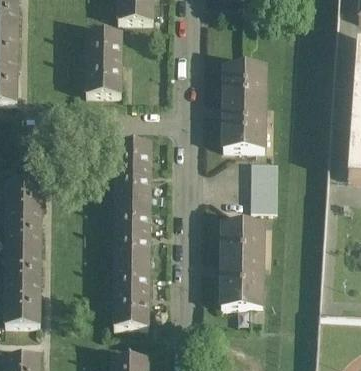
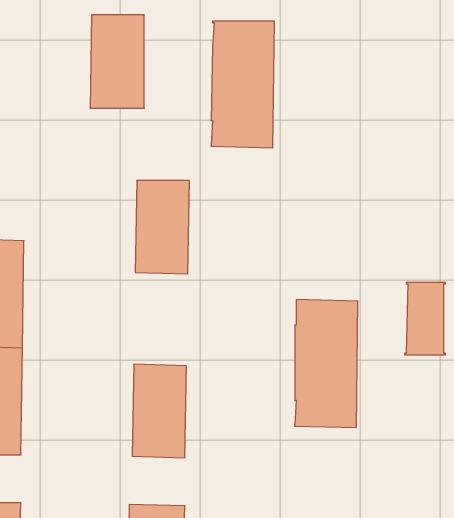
building: [223,64,265,148] -> [211,21,274,148]
building: [250,161,277,209] -> [405,282,445,355]
building: [114,203,150,265] -> none

